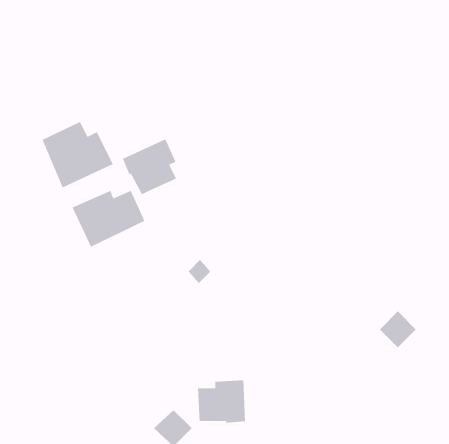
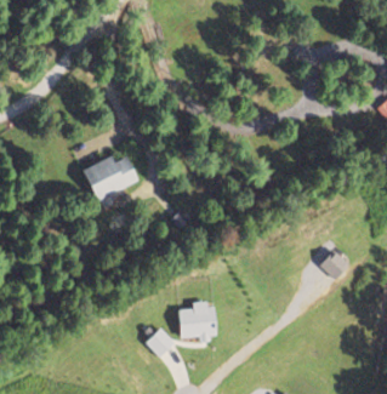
building: [41,121,114,188] -> none
building: [122,138,177,195] -> none

